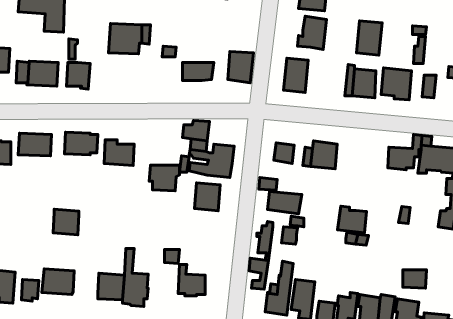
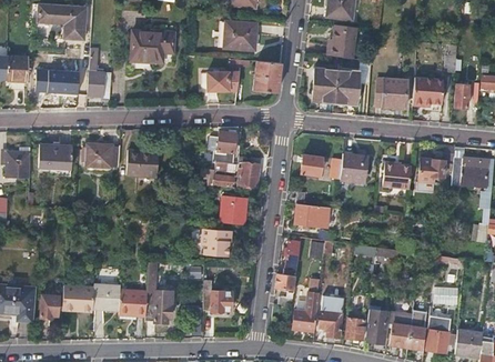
building: none -> [224,21,256,49]
building: [356,21,382,55] -> [334,69,361,104]
building: [149,165,179,191] -> [201,230,232,257]
building: [338,206,367,233] -> [382,161,412,189]
building: [53,209,79,235] -> [94,283,121,310]

